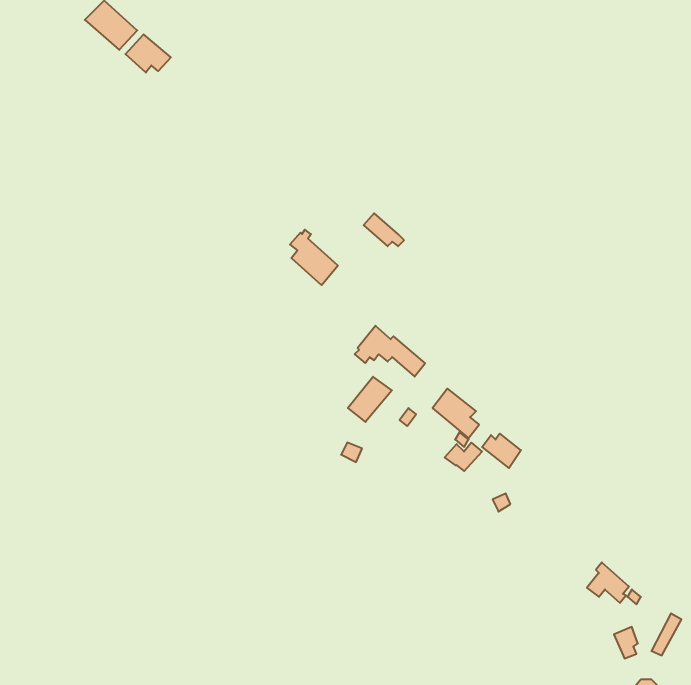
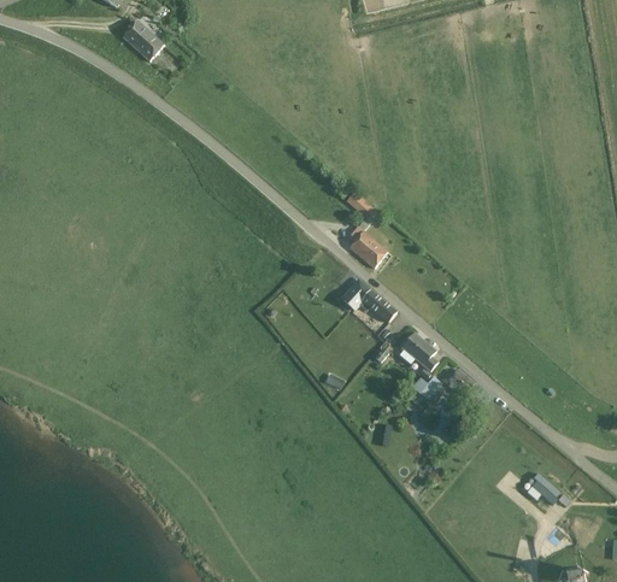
building: [125,34,171,73] -> none
building: [290,230,338,285] -> [348,224,387,269]
building: [348,377,392,422] -> none

